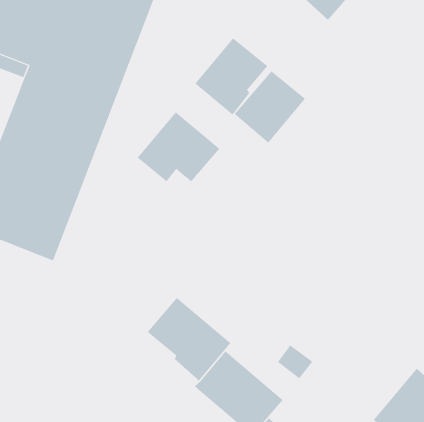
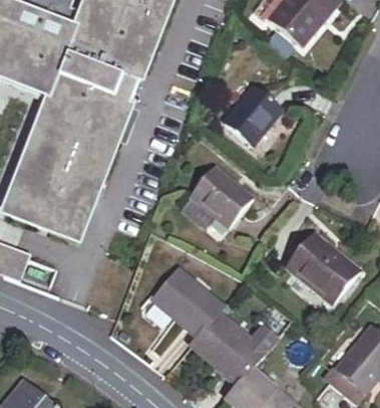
building: [195,37,268,115] -> none
building: [137,111,220,182] -> [183,168,251,225]
building: none -> [288,234,357,302]

